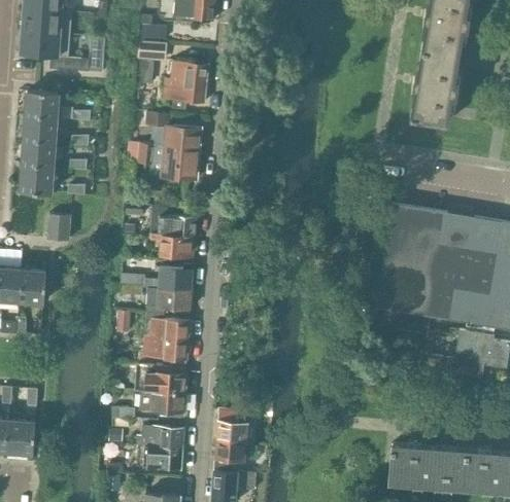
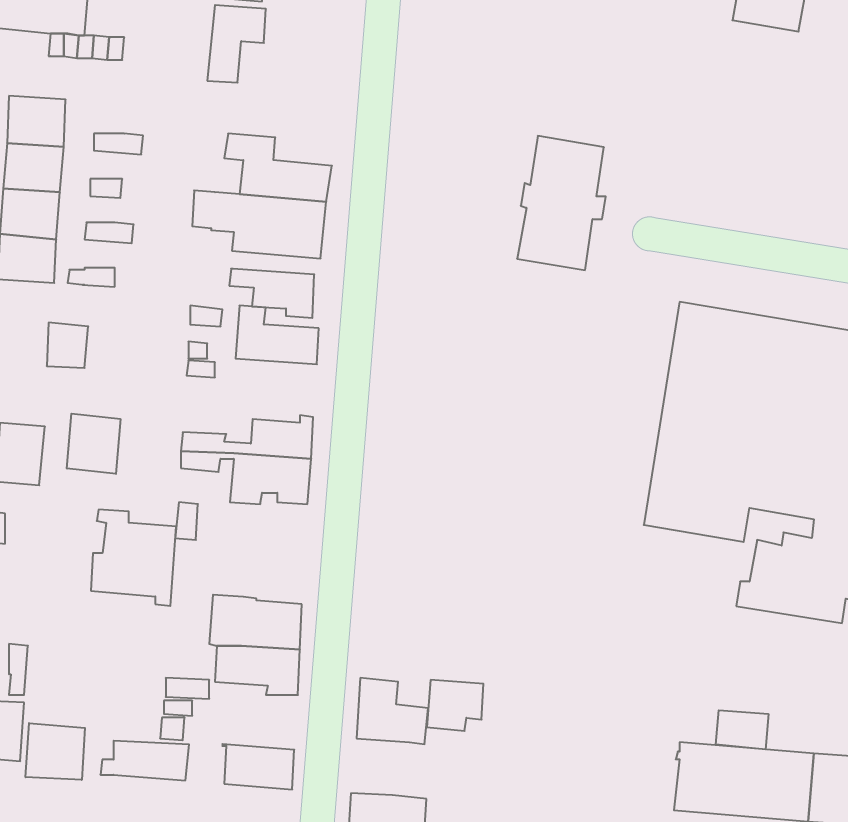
building: [410,50,458,123] -> [517,136,606,270]
building: [163,63,209,104] -> none
building: [148,235,195,261] -> [229,269,314,318]
building: none -> [67,414,120,474]
building: [143,313,190,365] -> [91,510,176,606]
building: [136,426,184,447] -> [100,741,189,780]
building: none -> [716,710,768,749]
building: none -> [26,723,85,780]
building: [214,441,245,469] -> [427,680,483,731]

